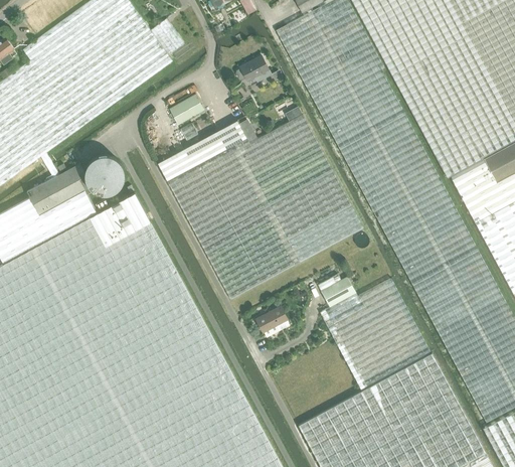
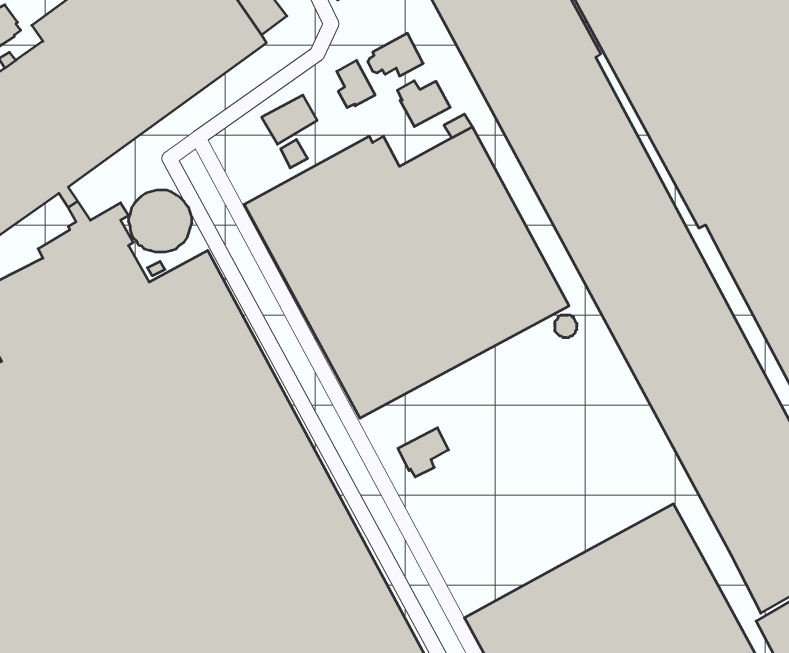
building: none -> [337,60,375,108]
building: none -> [397,81,450,127]
building: [318,274,431,390] -> none

